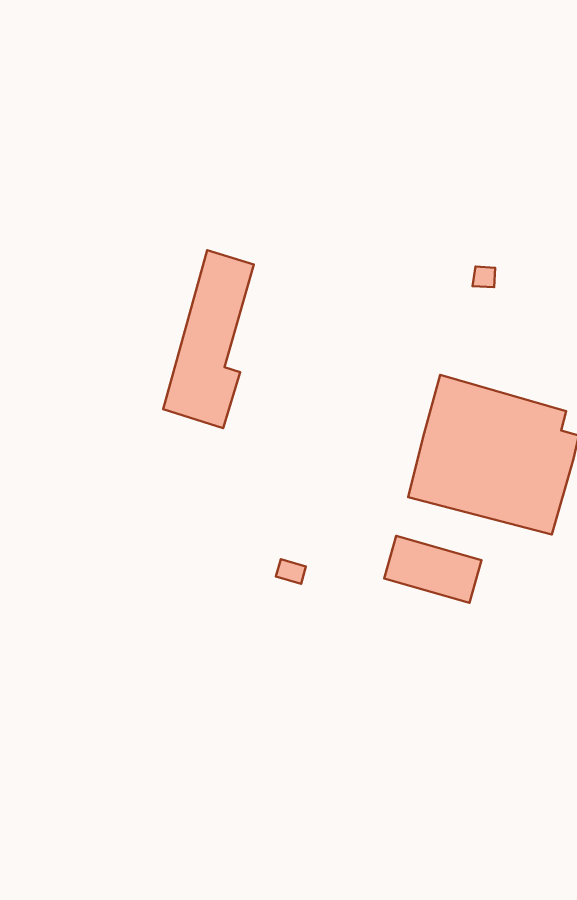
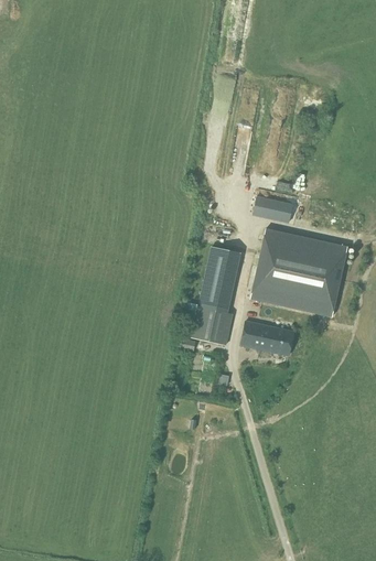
building: [163,250,254,428] -> [192,246,238,345]
building: none -> [254,195,293,223]

